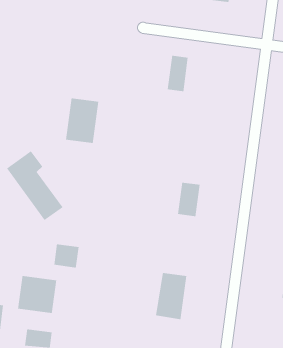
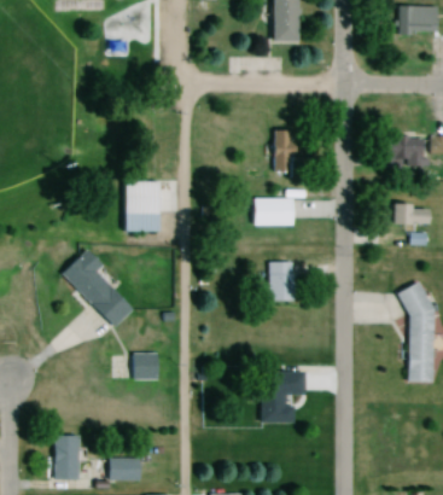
building: [167,55,189,92] -> [275,130,296,171]
building: none -> [257,197,296,226]
building: [18,275,57,314] -> none

